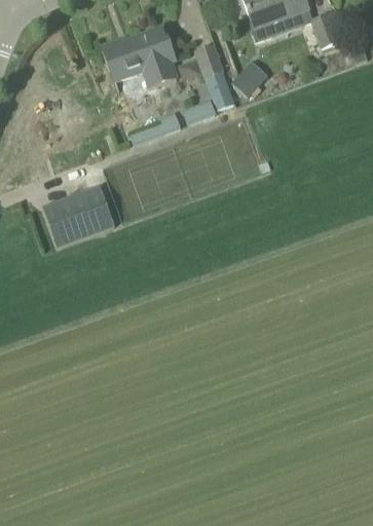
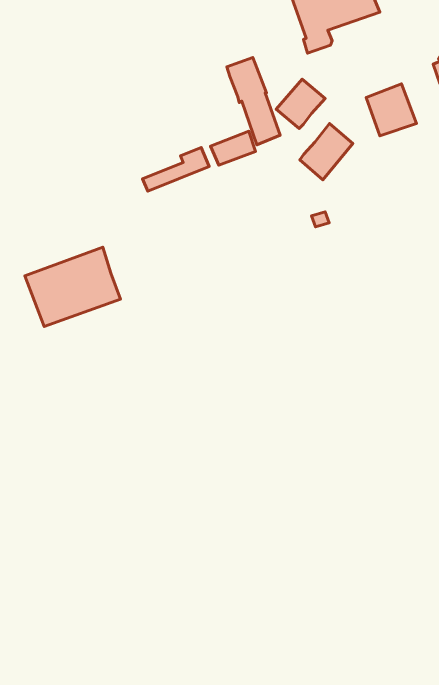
building: [310,10,348,49] -> [366,84,417,136]
building: [101,27,178,95] -> none
building: none -> [300,123,353,180]

